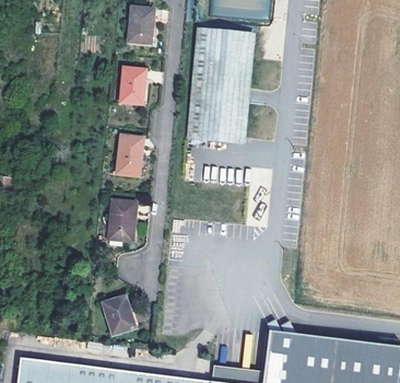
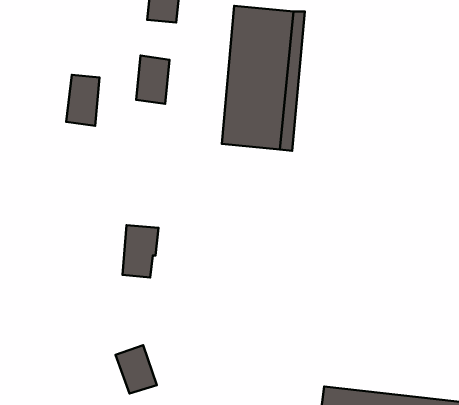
building: [116,138,142,178] -> [66,75,99,126]

